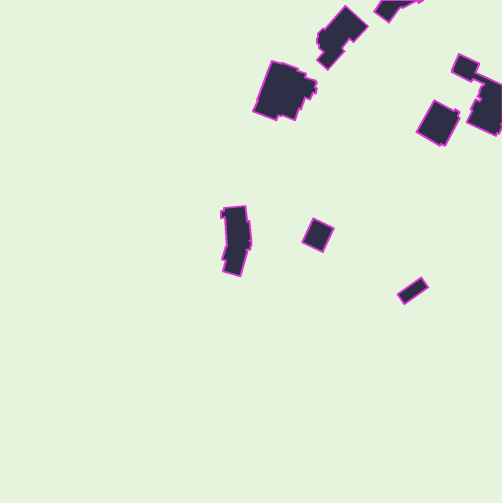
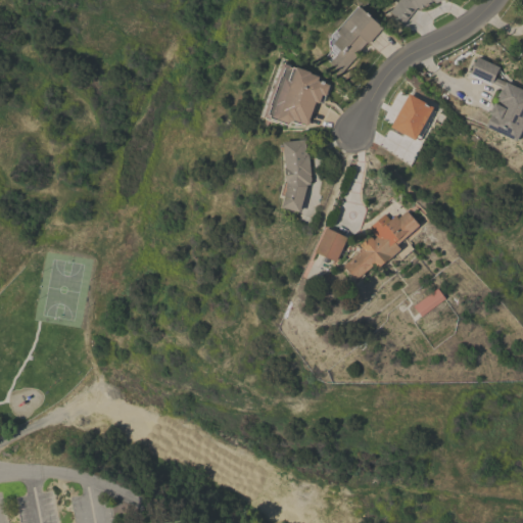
building: [416,100,460,146] -> [390,93,435,140]
building: none -> [343,210,419,280]
building: [221,206,251,276] -> [280,139,312,211]

